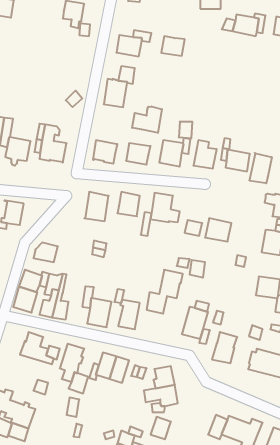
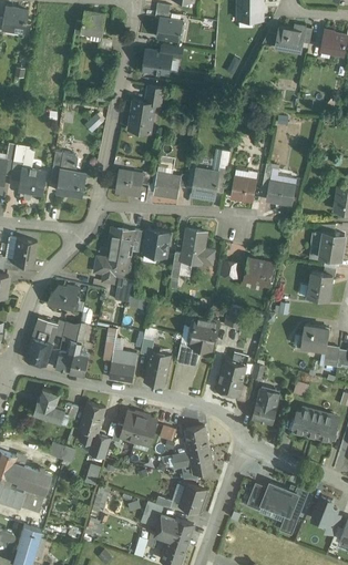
building: [161,36,185,56] -> [156,19,183,41]
building: [132,106,162,133] -> none
building: [250,153,272,183] -> none
building: none -> [95,257,130,284]

